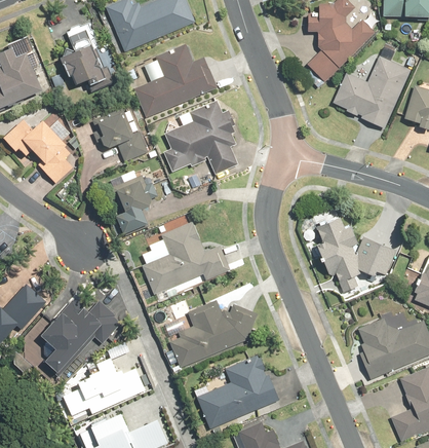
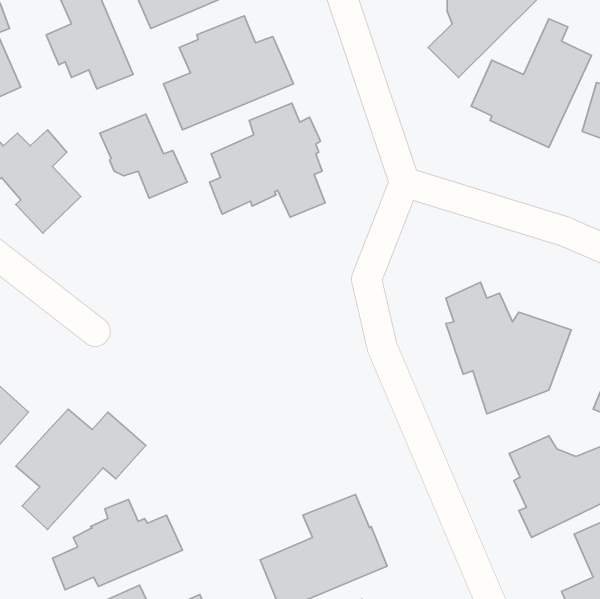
building: [110,170,153,236] -> none
building: [142,221,231,294] -> none
building: [169,299,258,367] -> none

